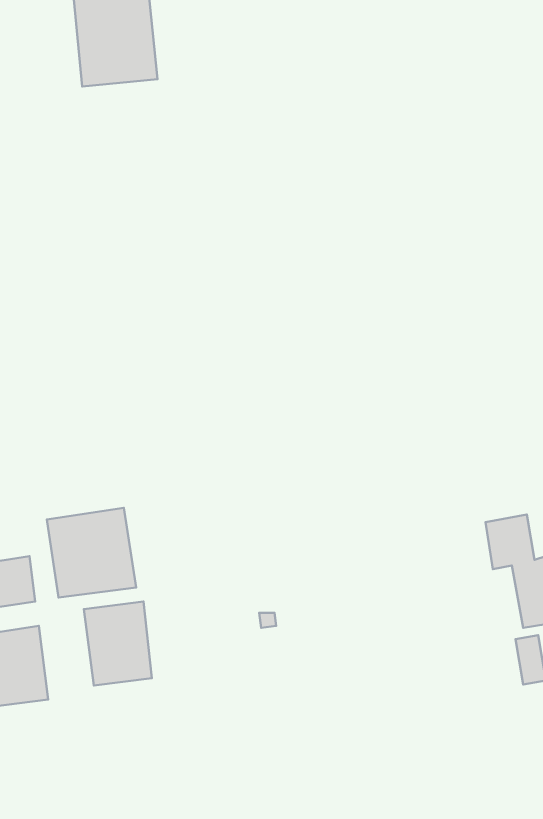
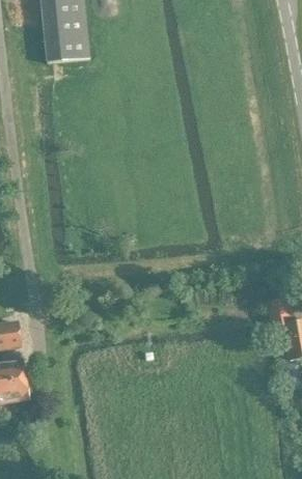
building: [47,508,136,597] -> none
building: [84,601,152,685] -> none

